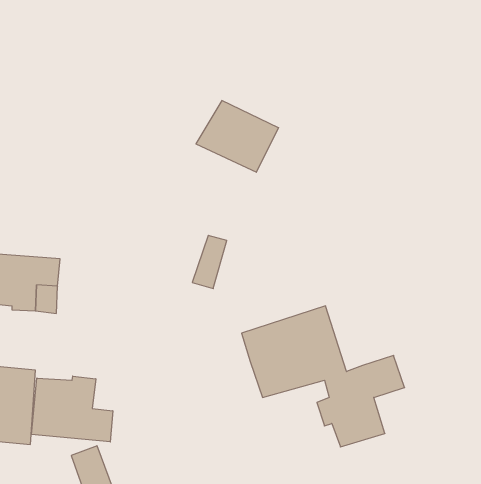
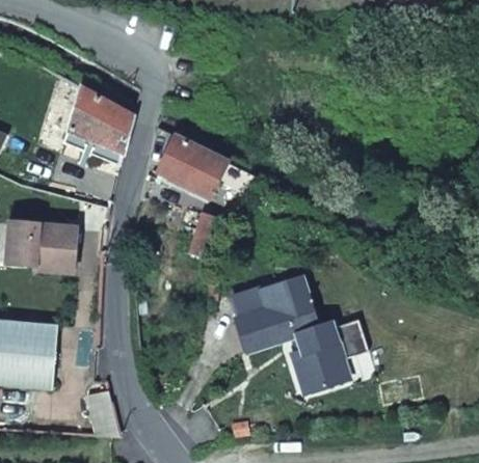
building: none -> [65,87,133,164]
building: [196,101,279,172] -> [158,137,228,197]
building: [32,376,113,442] -> none

